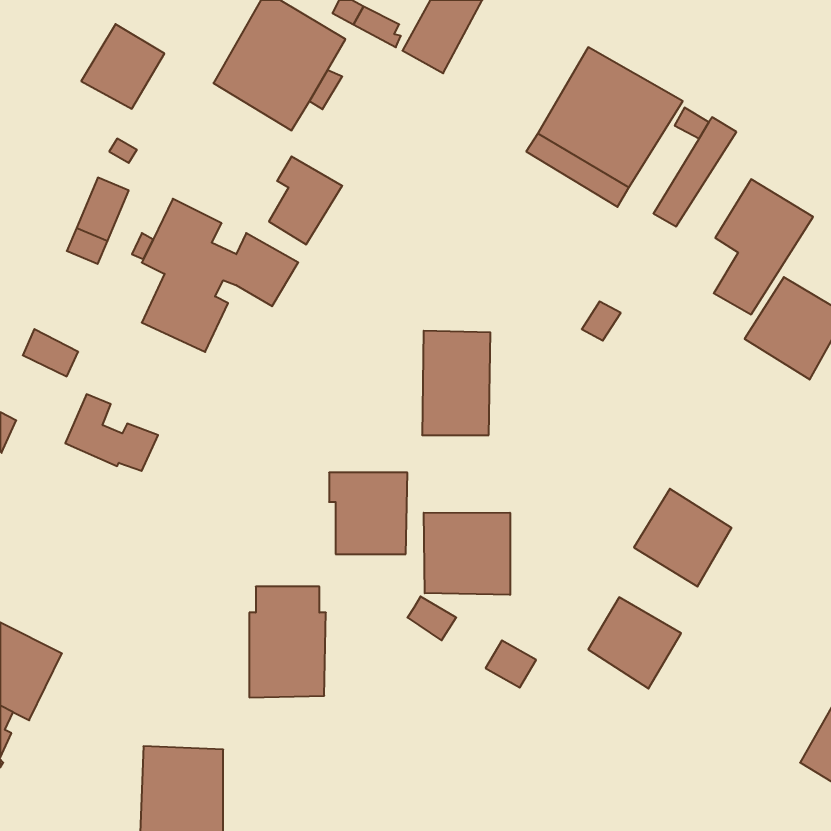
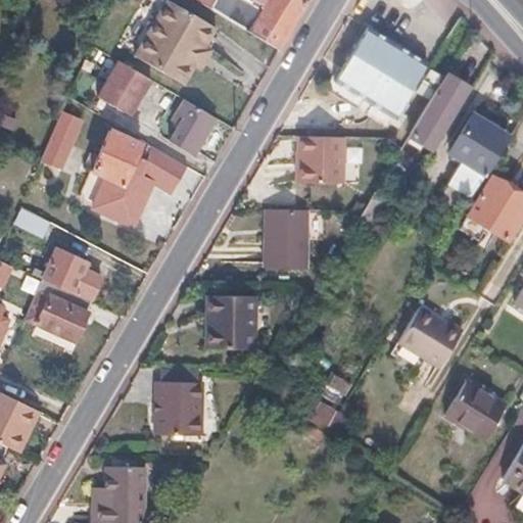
building: [81,24,164,109] -> [98,61,150,114]
building: none -> [300,137,347,186]
building: none -> [25,279,91,341]
building: [424,513,510,595] -> none
building: [588,597,681,689] -> [443,382,502,439]

